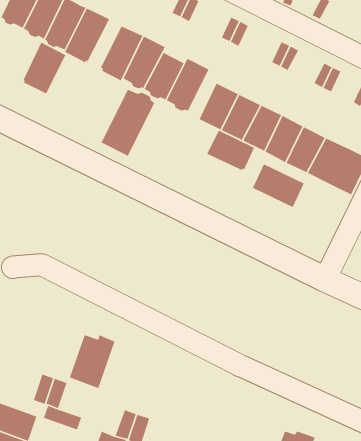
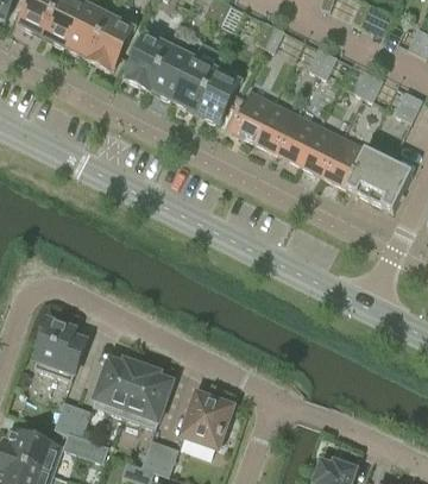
building: [22,42,66,94] -> none
building: [100,89,155,157] -> none
building: [206,130,255,171] -> none
building: [252,163,305,208] -> none
building: none -> [33,318,84,379]
building: none -> [124,365,171,427]
building: none -> [182,394,231,446]

